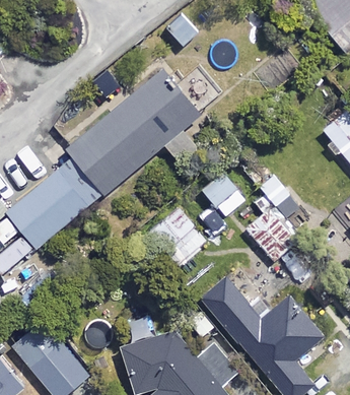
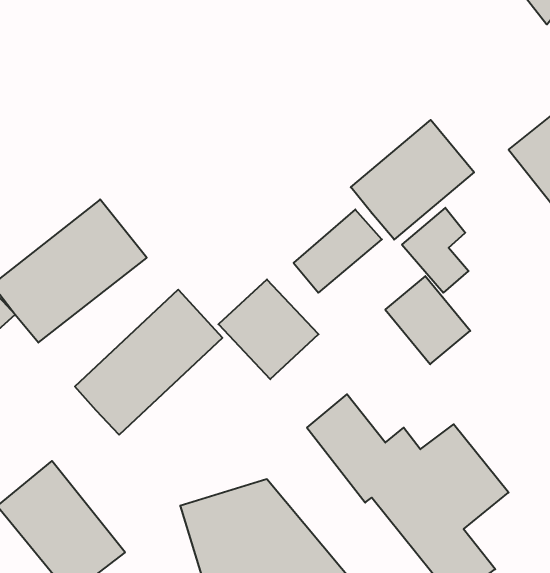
building: [67,72,199,195] -> none
building: none -> [351,120,474,240]
building: none -> [75,290,222,435]

